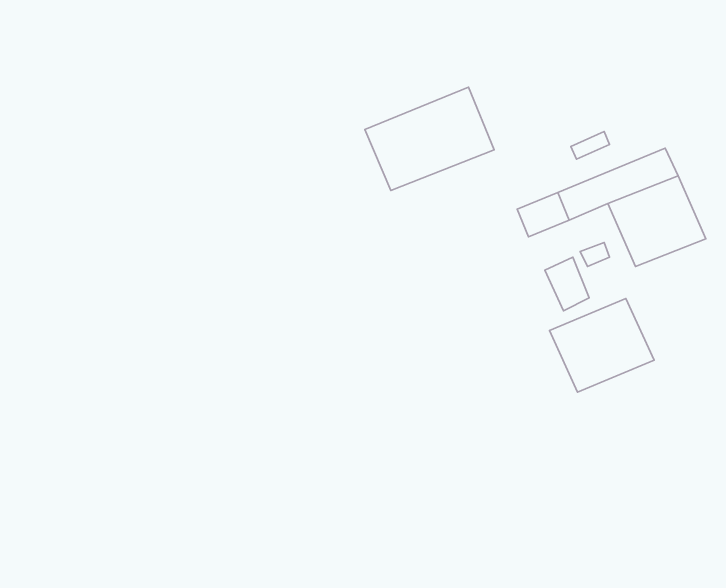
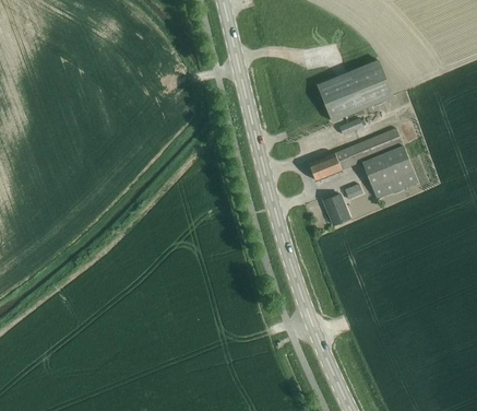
building: [365,87,494,191] -> [315,60,392,121]
building: [549,298,654,392] -> none

